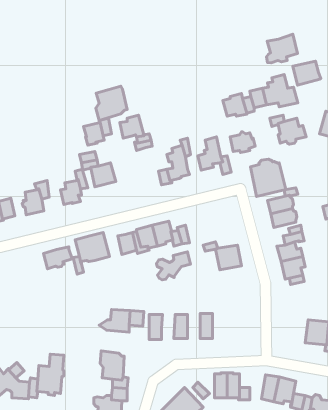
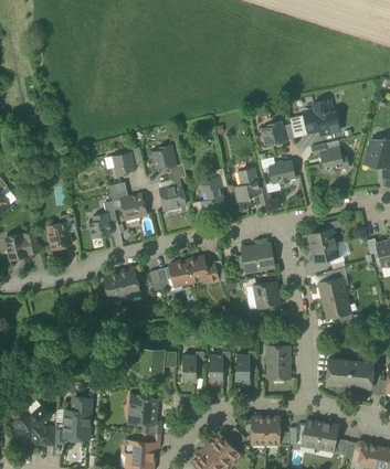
building: [266,34,298,63] -> none
building: [293,61,321,85] -> none
building: [96,86,127,120] -> none
building: none -> [159,184,186,209]
building: [250,159,286,197] -> none
building: none -> [242,244,273,270]
building: [43,247,72,269] -> none
building: [156,252,191,280] -> none
building: none -> [267,345,289,379]
building: none -> [326,359,351,385]

